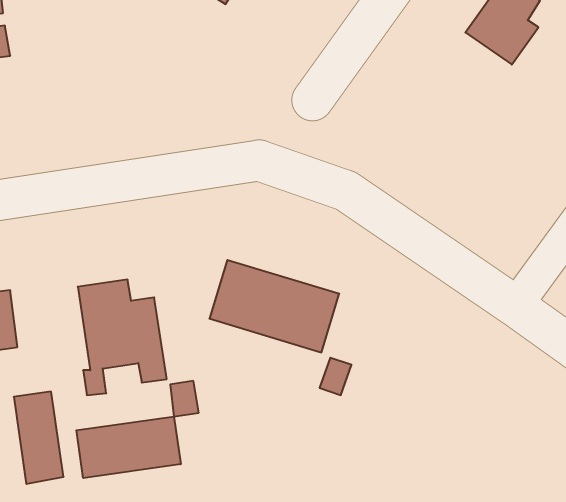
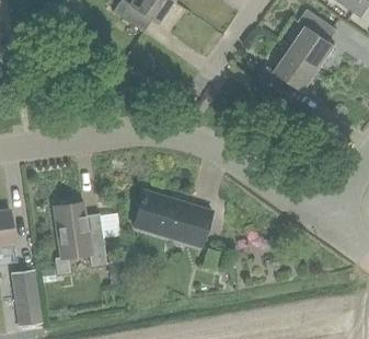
building: none -> [257,49,318,100]
building: [76,416,181,478] -> none

